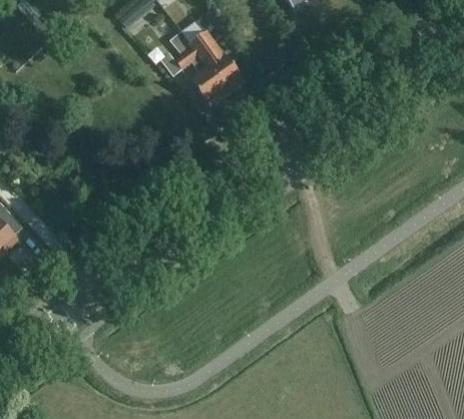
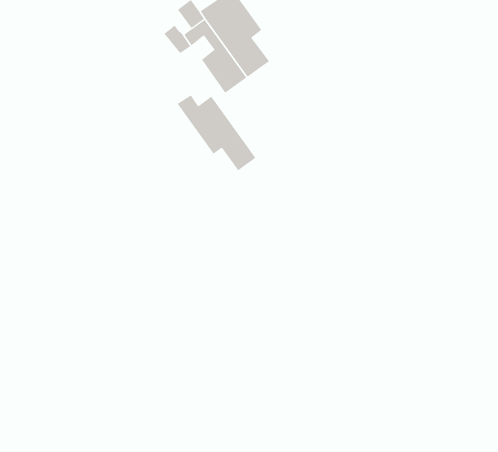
building: none -> [177,94,256,171]

